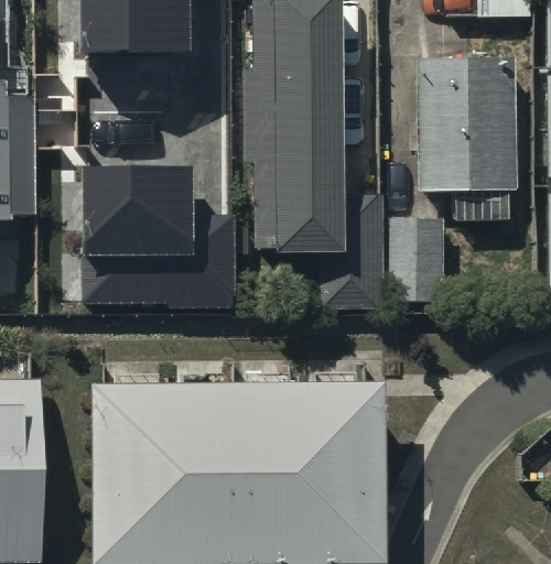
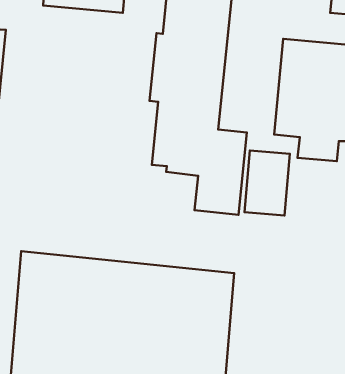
building: [83,160,235,305] -> none

